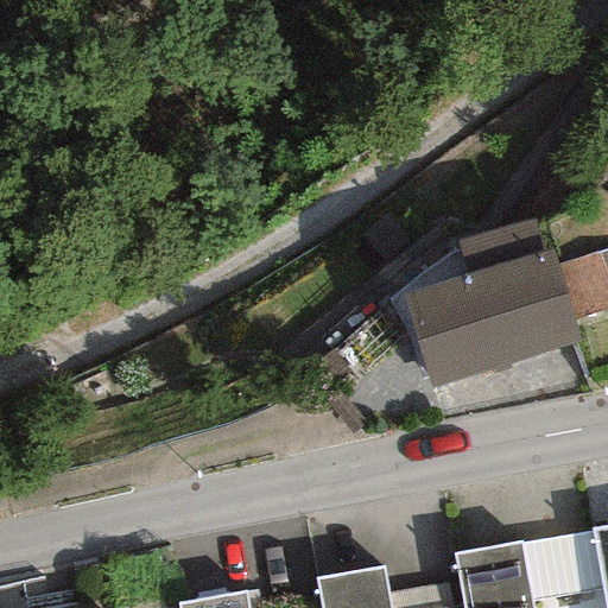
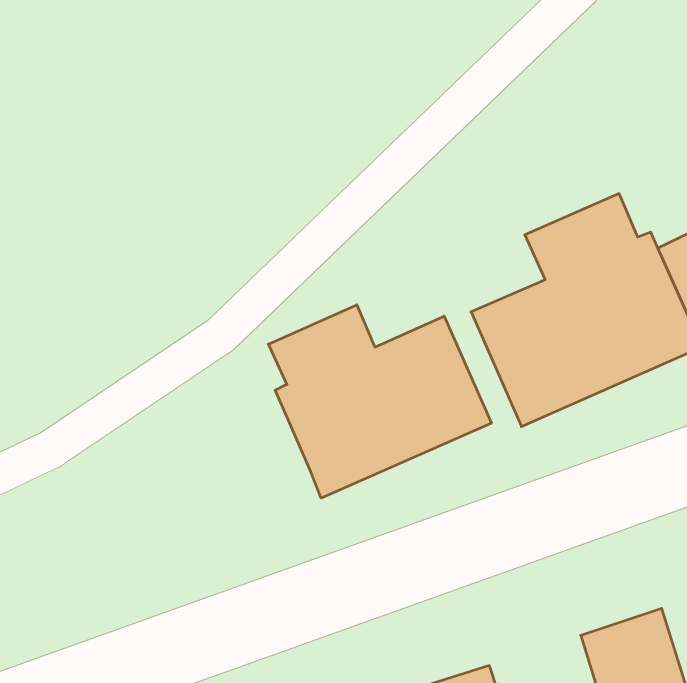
building: none -> [268,305,491,498]

